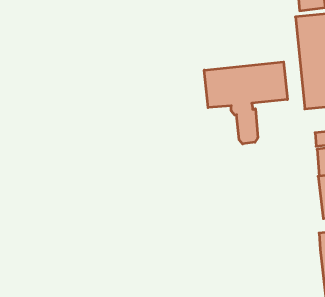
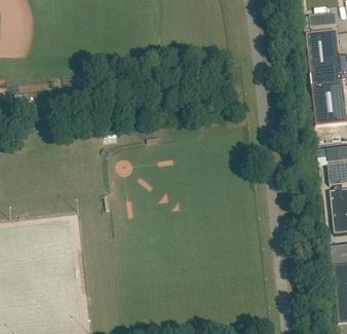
building: [204,62,287,144] -> none

